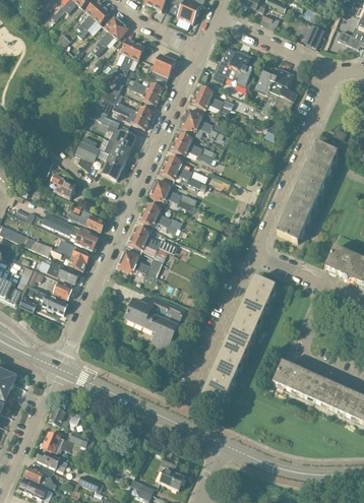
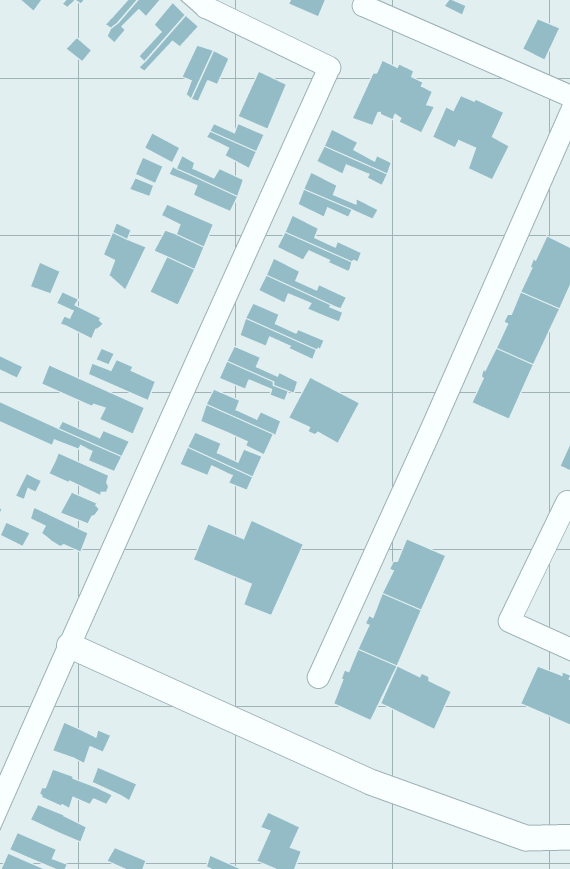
building: none -> [288,377,359,443]
building: [241,275,277,315] -> none
building: [274,361,312,395] -> [380,666,451,729]

